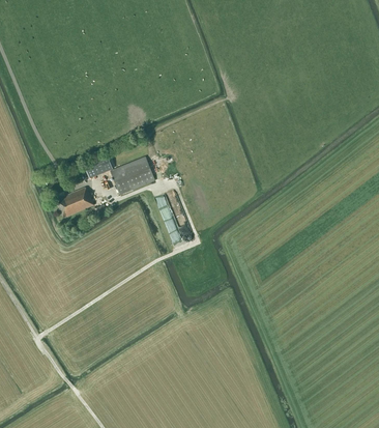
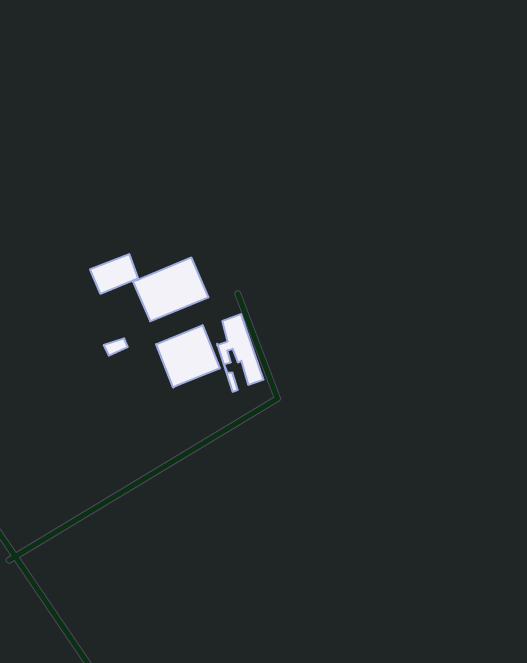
building: [56,188,94,218] -> none
building: none -> [156,325,220,388]

